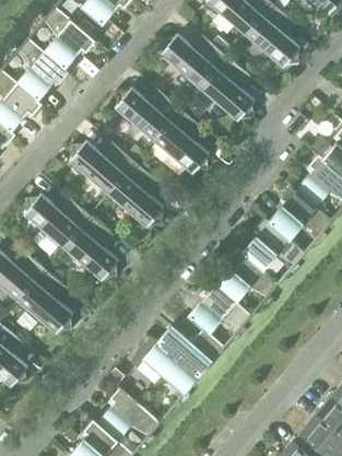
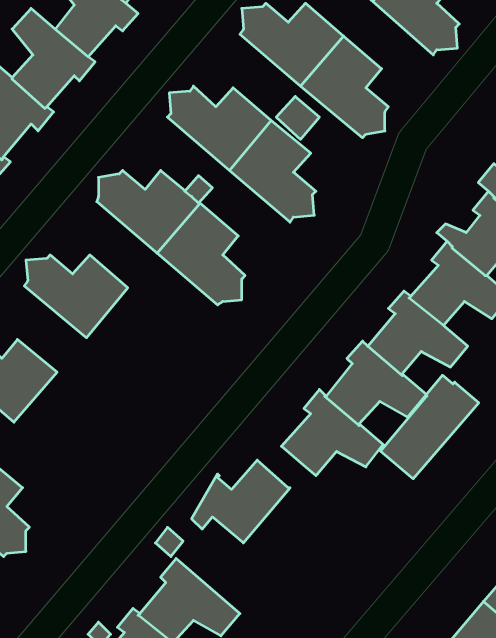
building: [62,215,117,280] -> none
building: [16,269,72,334] -> none
building: [162,329,224,395] -> [380,375,479,479]

